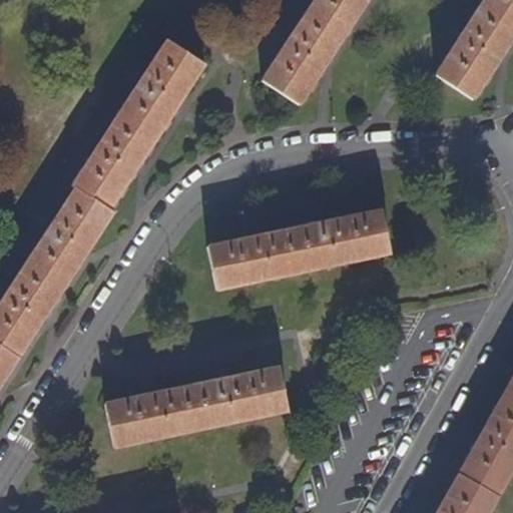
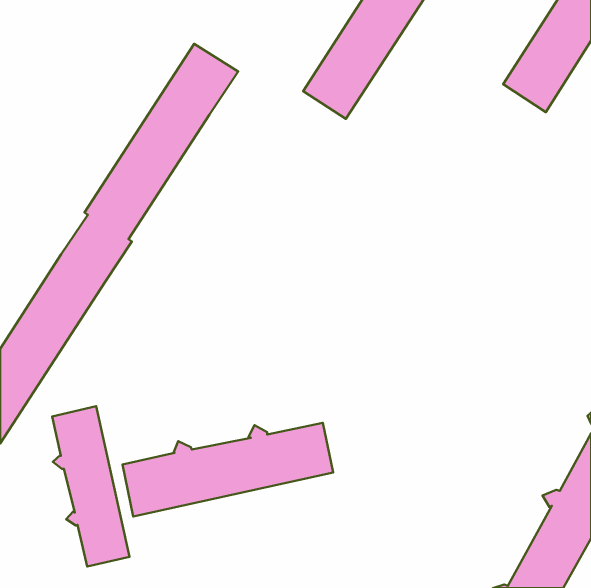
building: [207,208,391,288] -> none
building: none -> [52,406,129,566]

